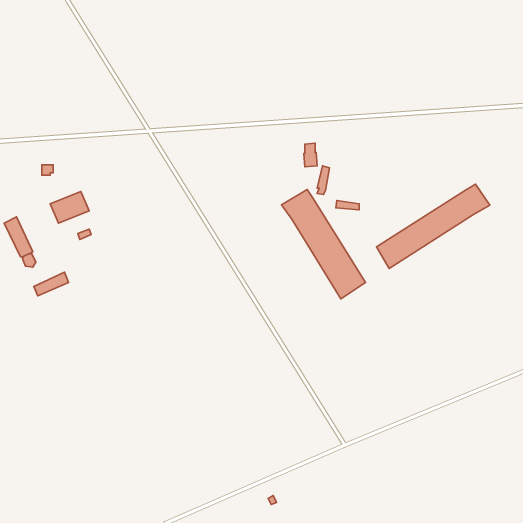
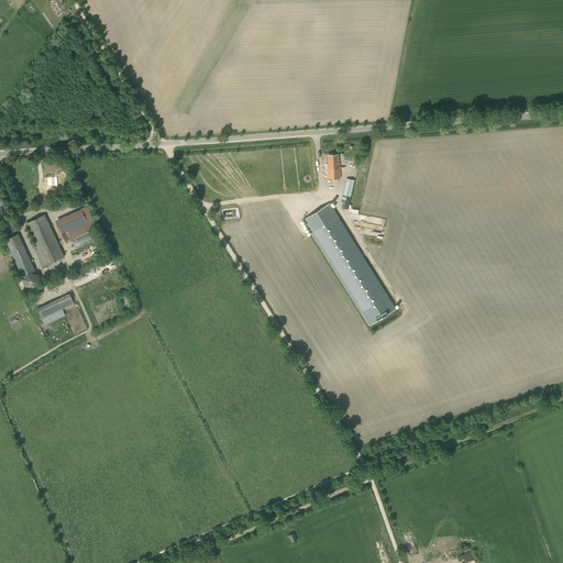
building: [377,184,490,269] -> none
building: none -> [26,214,64,265]

